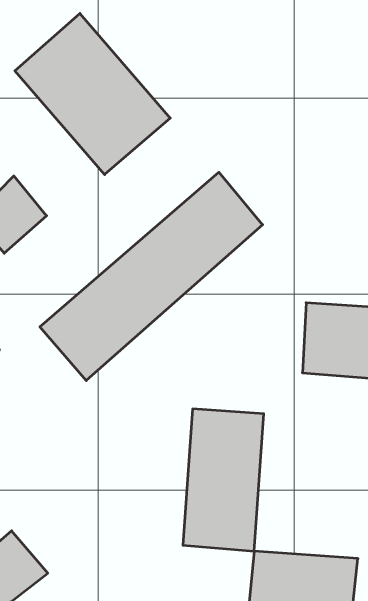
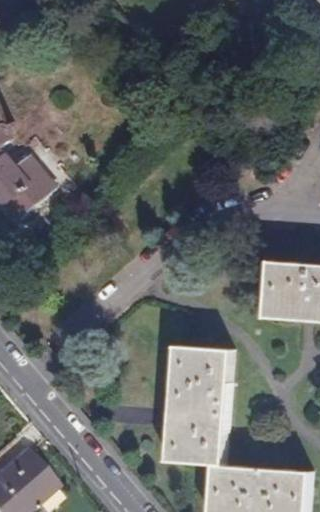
building: [15,13,170,175] -> none
building: [40,172,263,381] -> none

